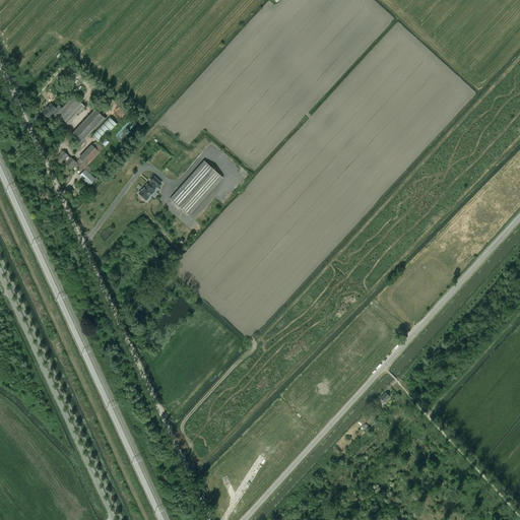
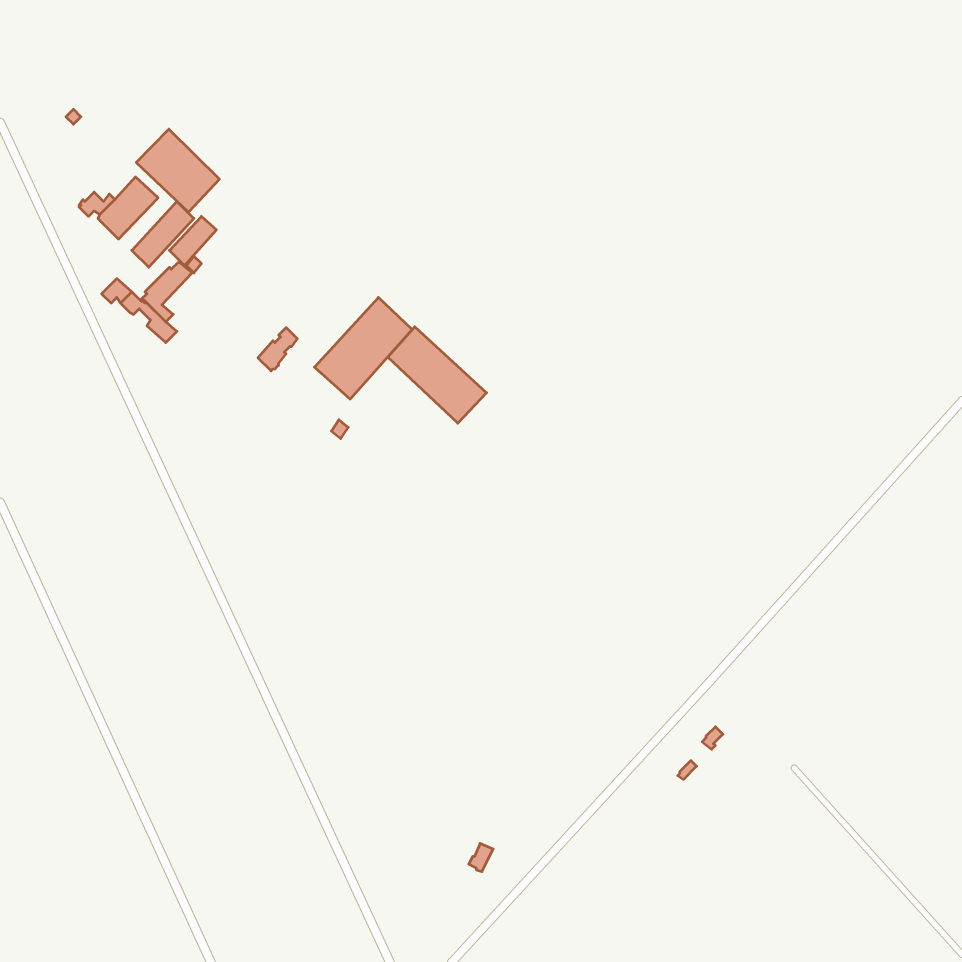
building: none -> [136,129,219,212]
building: none -> [388,327,487,423]

